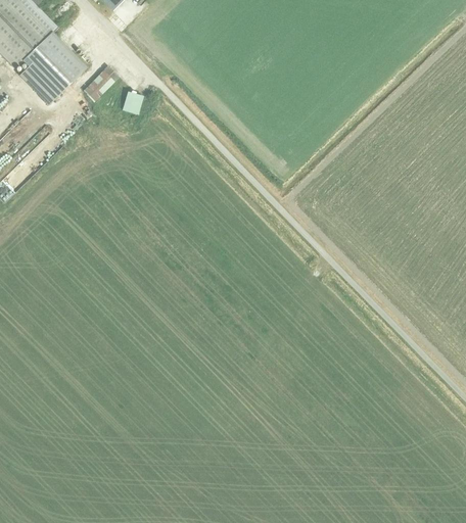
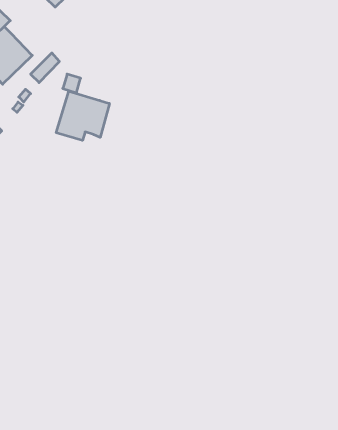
building: none -> [56,91,109,140]

